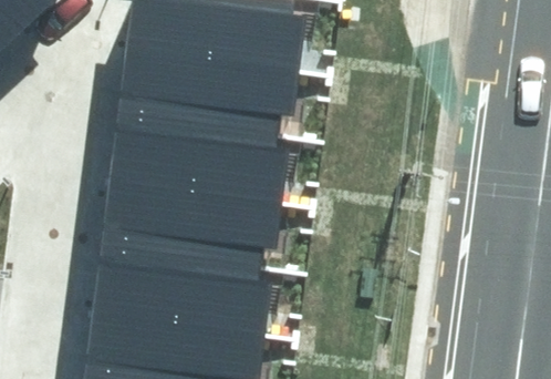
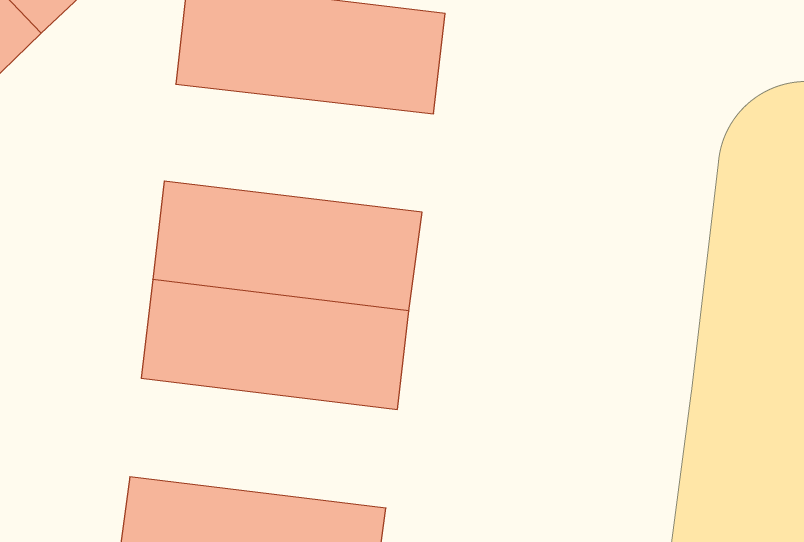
building: [113,65,294,152] -> none
building: [90,264,270,350] -> none

